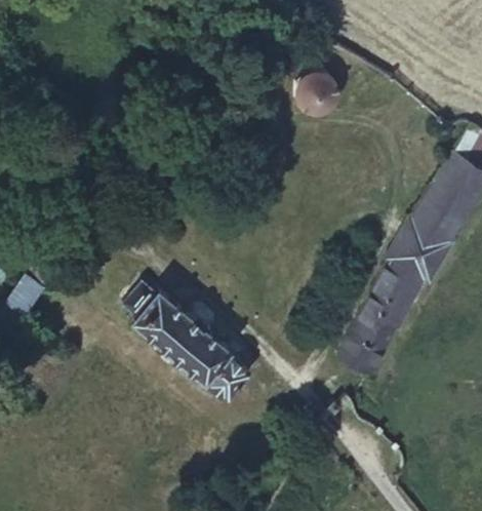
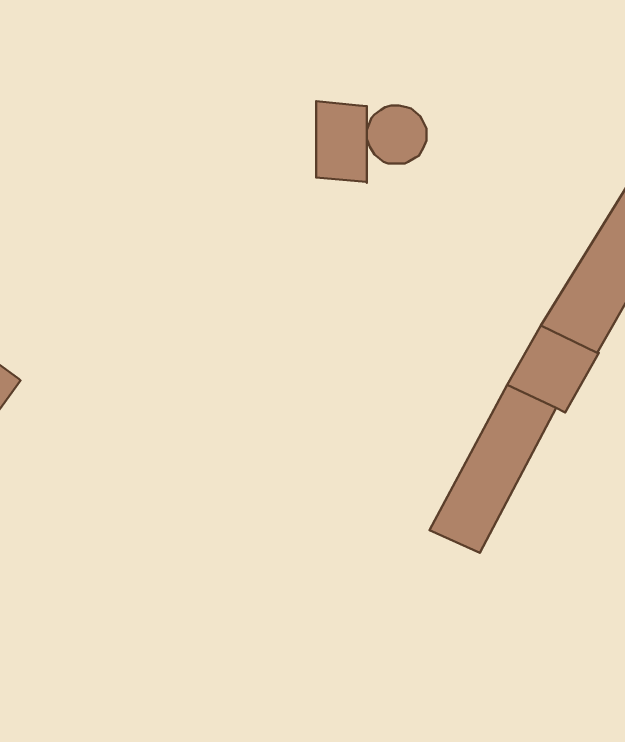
building: none -> [316,101,367,183]
building: [129,286,256,403] -> none

